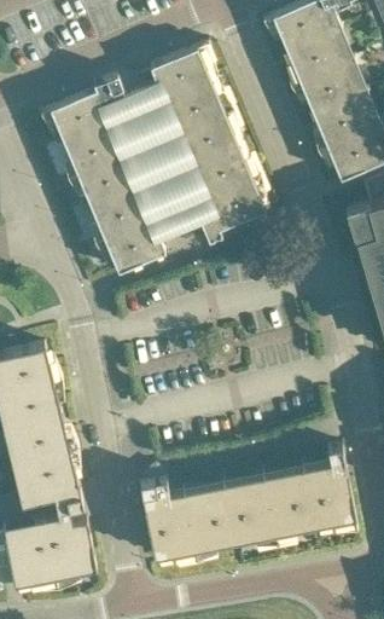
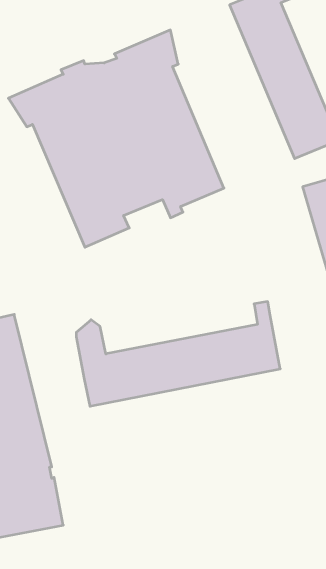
building: [139,447,355,559] -> [76,302,280,406]

